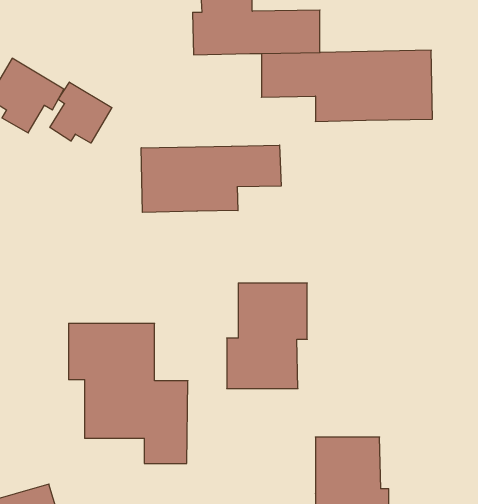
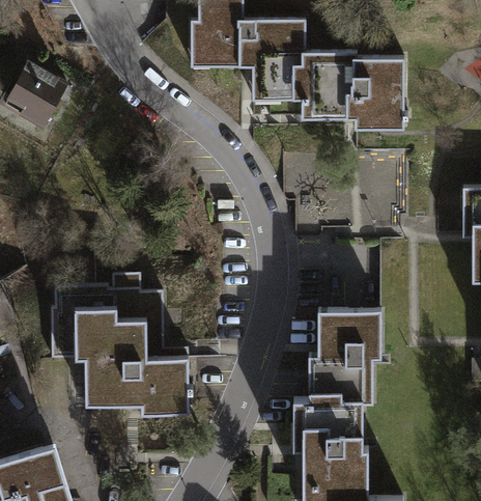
building: [50,82,112,143] -> none
building: [141,145,281,212] -> none
building: [227,283,307,389] -> [309,310,381,406]

